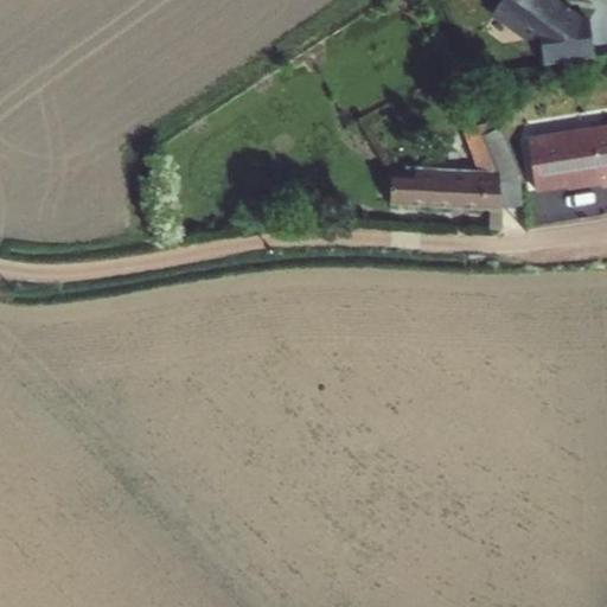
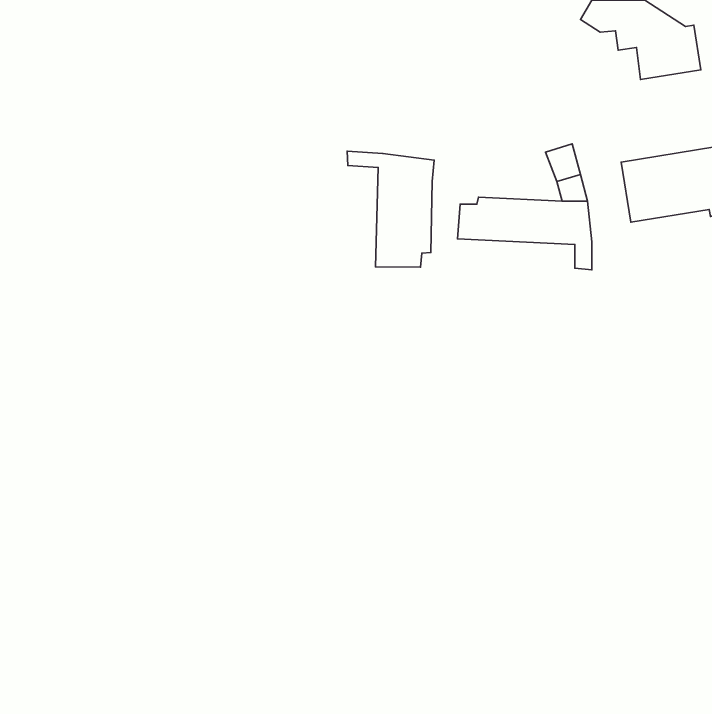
building: none -> [347,151,434,267]

